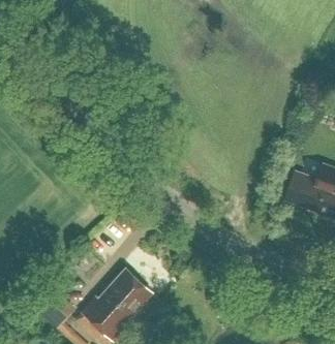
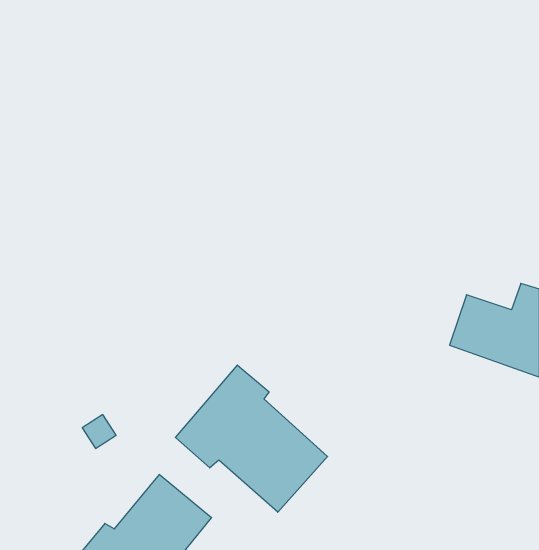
building: none -> [175,365,328,512]

